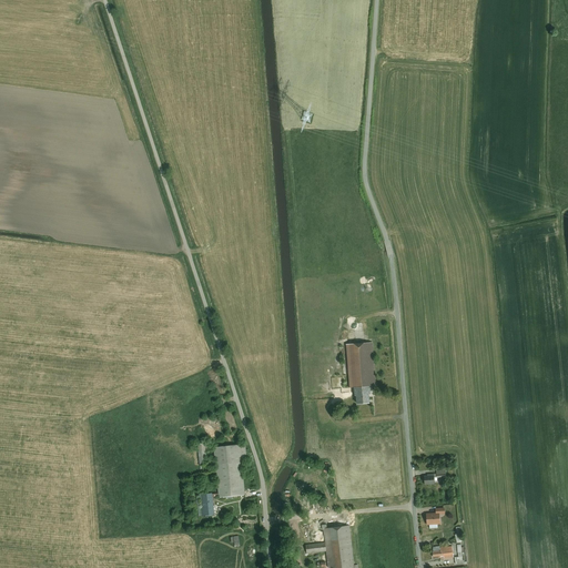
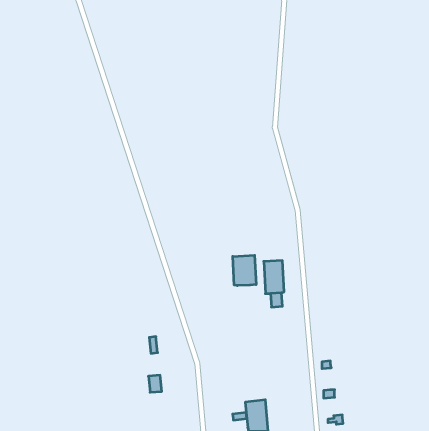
building: none -> [233,255,256,286]
building: [215,444,246,496] -> none

